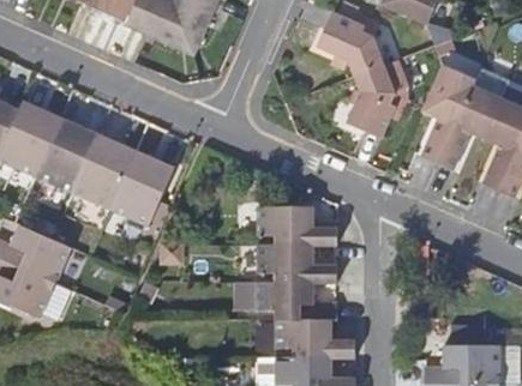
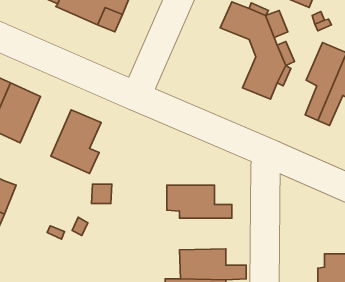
building: [72,132,136,206] -> none
building: [254,205,335,242] -> none
building: [254,283,335,322] -> none

